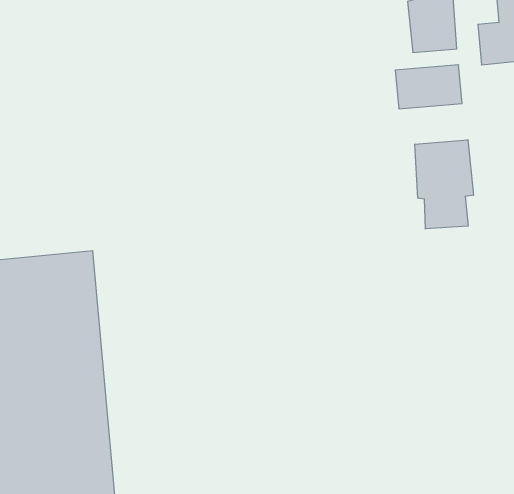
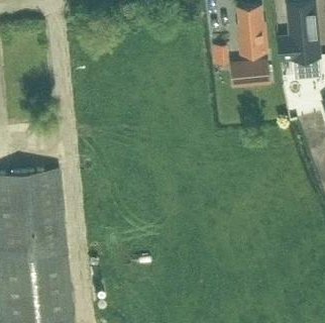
building: [415,140,473,229] -> none

